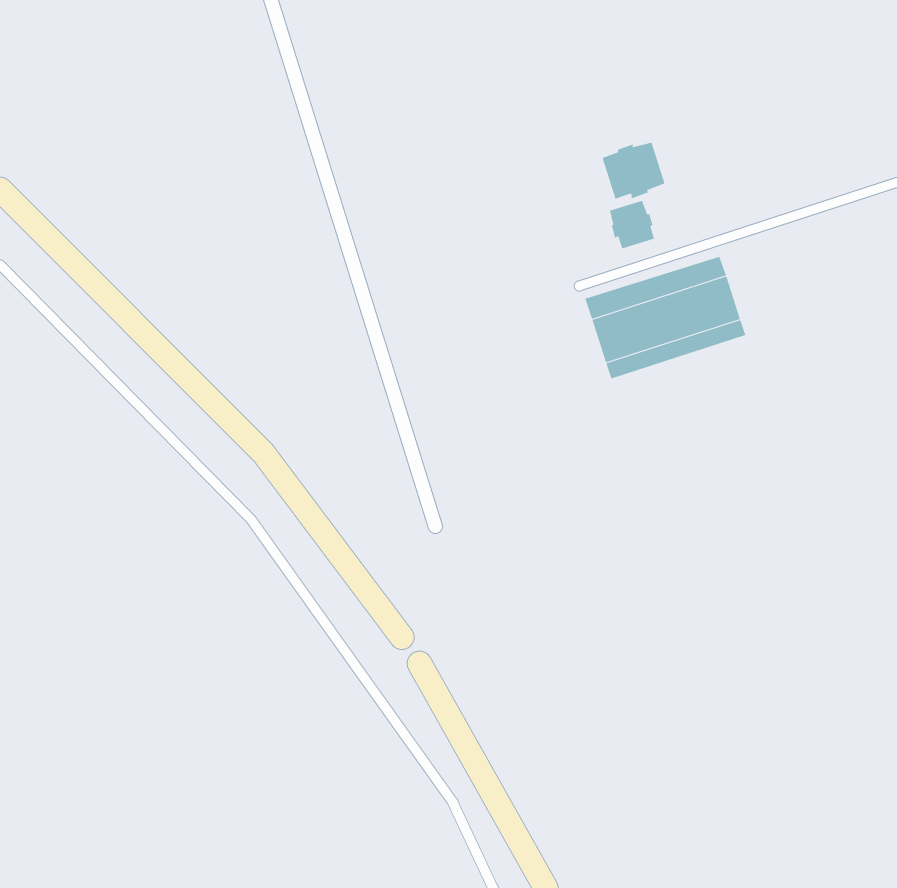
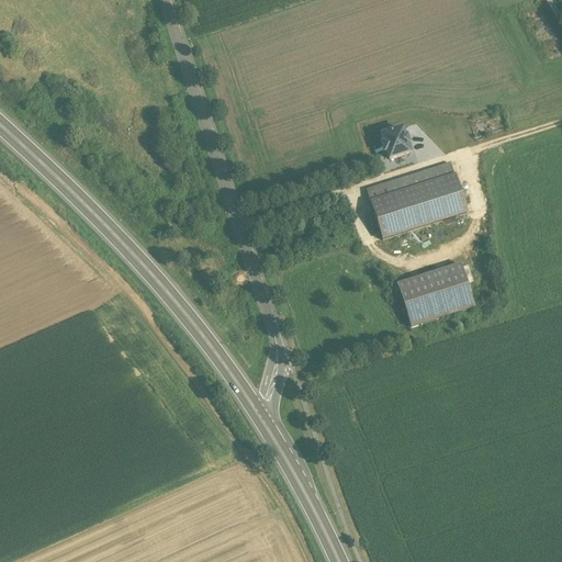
building: [602,142,665,200] -> none
building: none -> [396,261,474,324]

